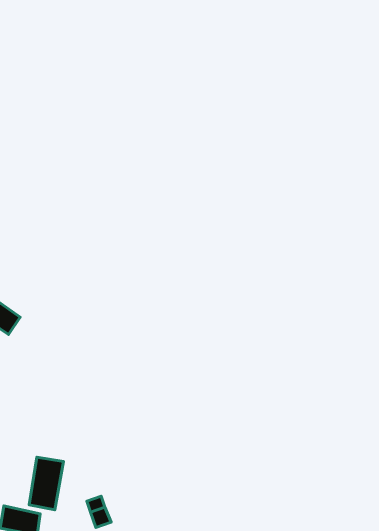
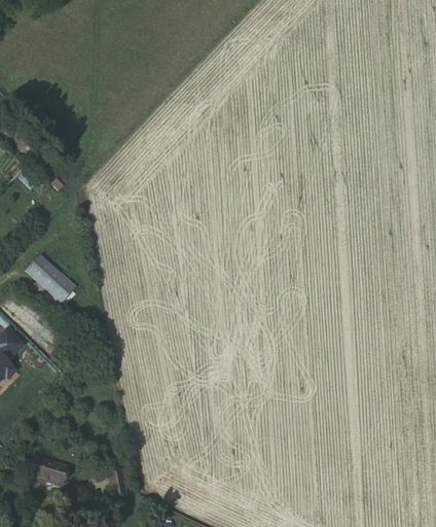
building: [29,457,64,510] -> none

